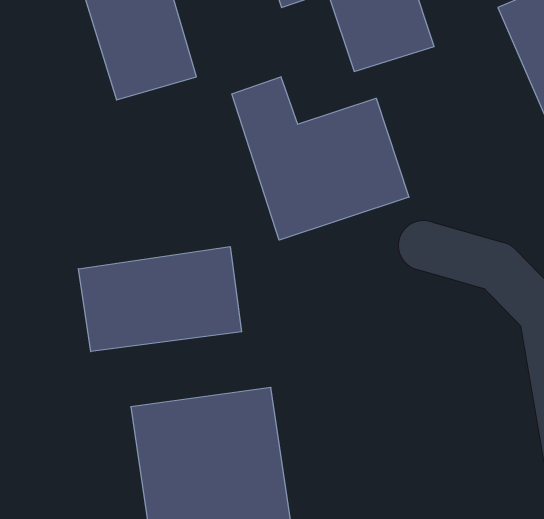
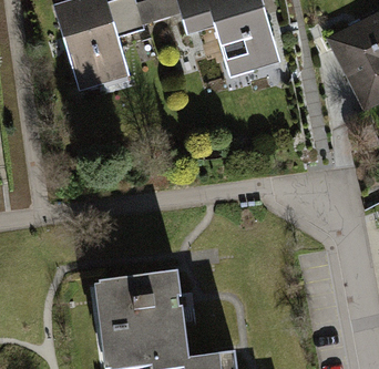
building: [232,77,409,240] -> none
building: [78,247,242,352] -> none

